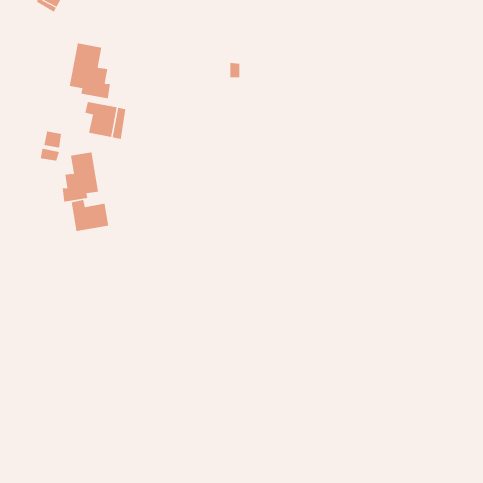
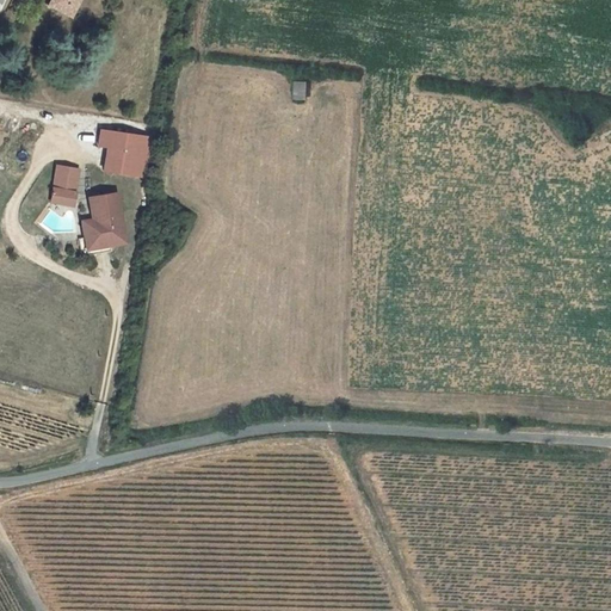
building: [69,42,111,99] -> none
building: [71,199,109,232] -> none

